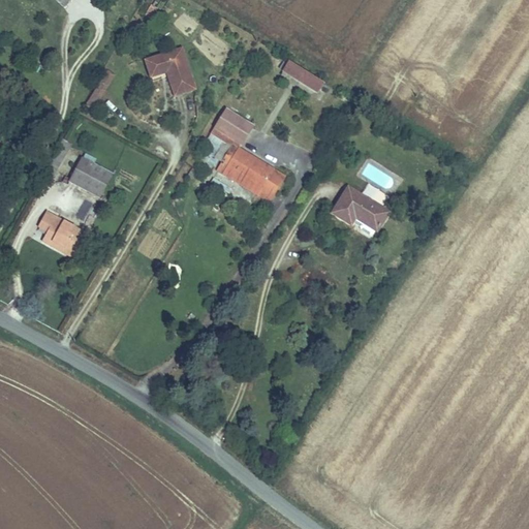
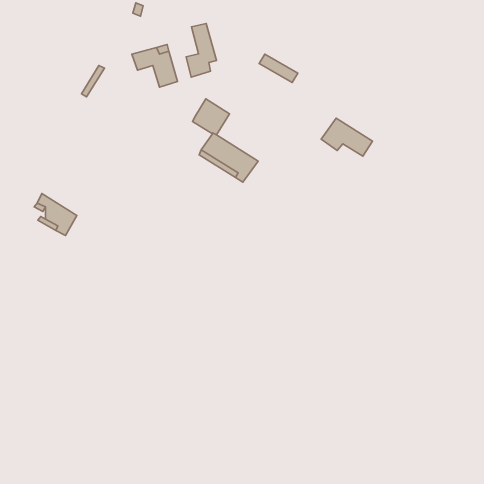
building: none -> [186,23,217,77]
building: [69,158,111,196] -> none
building: [333,189,388,230] -> [321,118,372,156]

